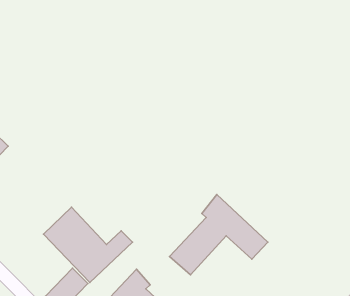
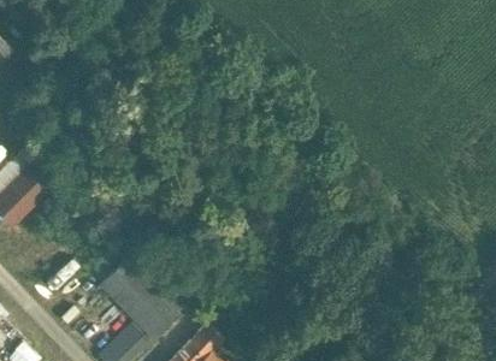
building: [169,194,268,275] -> none

